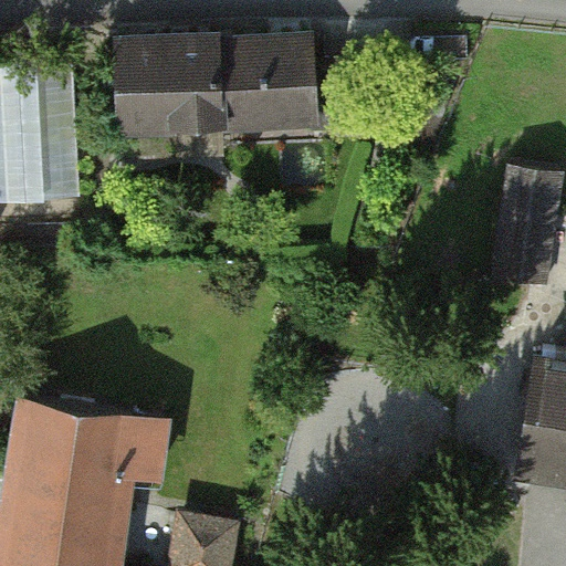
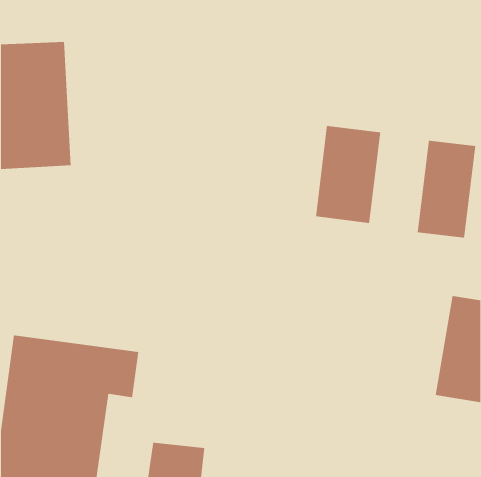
building: [109,34,315,137] -> none
building: none -> [315,125,381,224]

